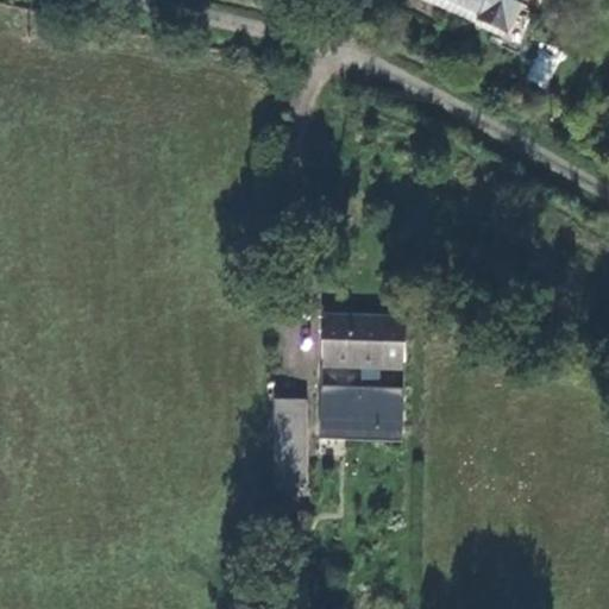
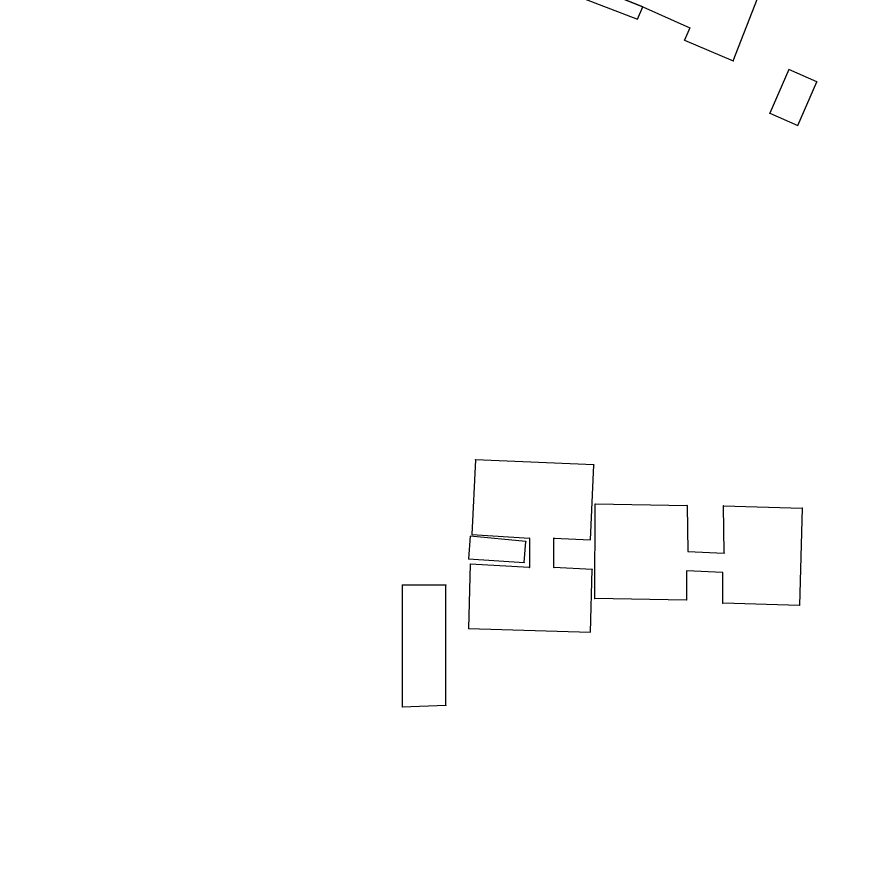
building: none -> [595,504,802,605]

